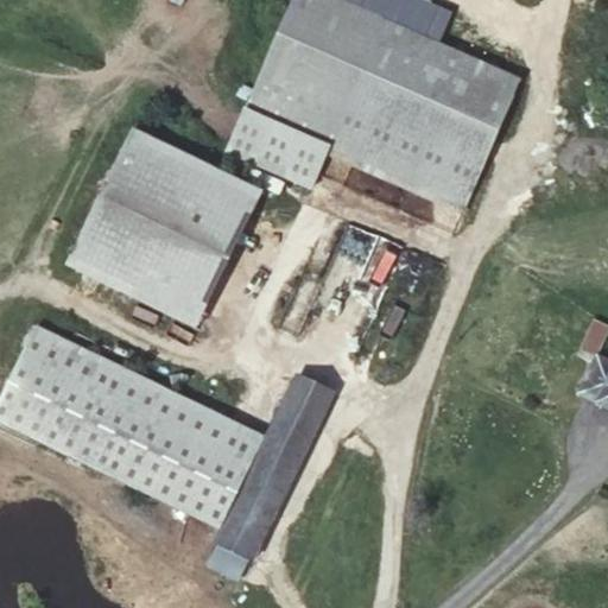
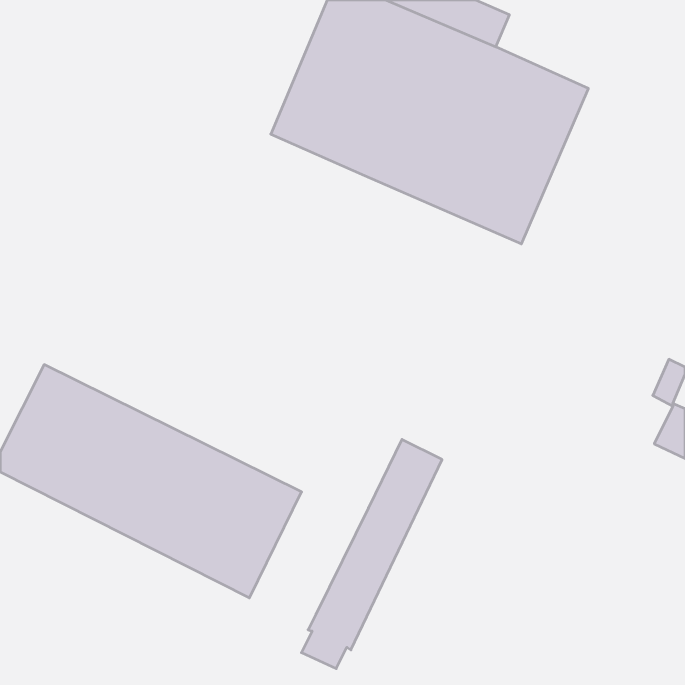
building: [221,119,323,198] -> none
building: [63,127,259,324] -> none
building: [208,375,332,578] -> [301,439,442,669]

